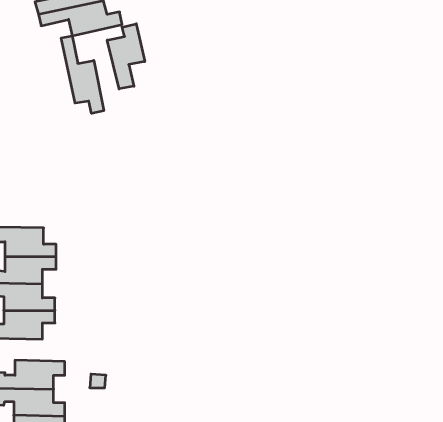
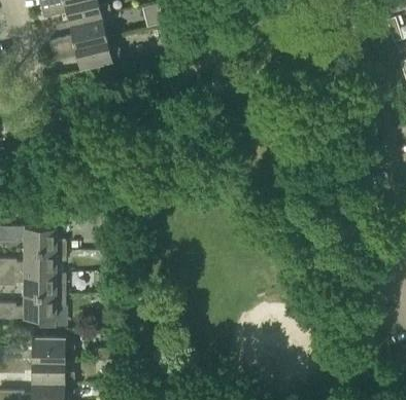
building: [107,24,145,89] -> none
building: [61,36,104,113] -> none

